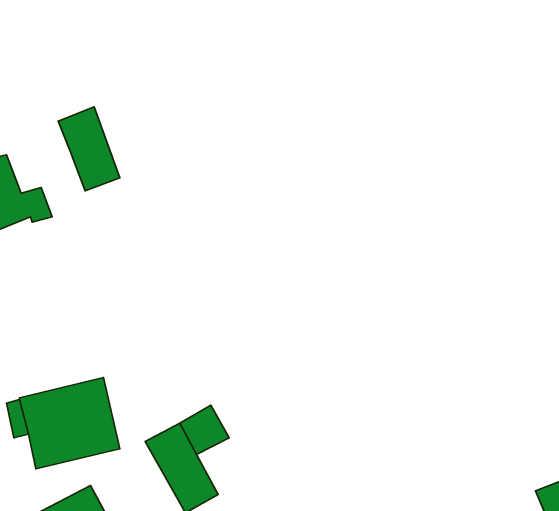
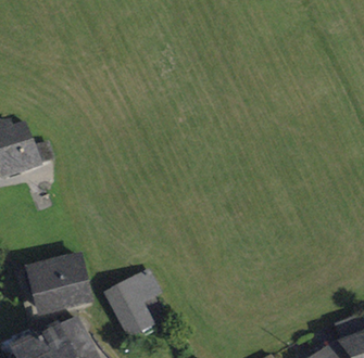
building: [58,107,120,191] -> none

